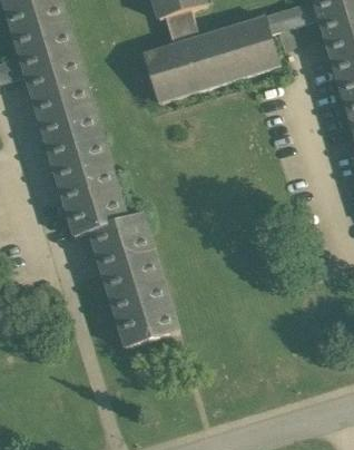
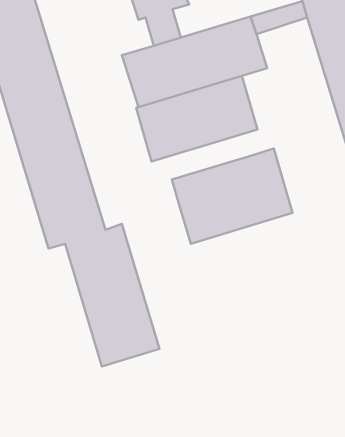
building: none -> [136,76,257,161]
building: none -> [172,149,293,244]

